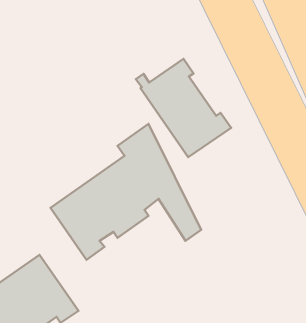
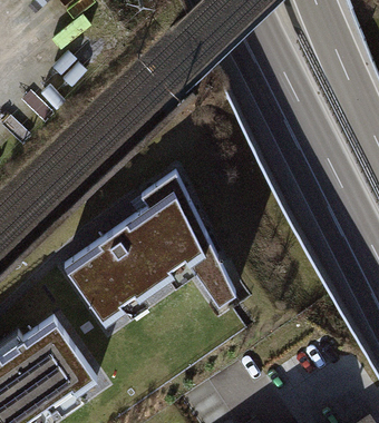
building: [136,59,231,157] -> none

